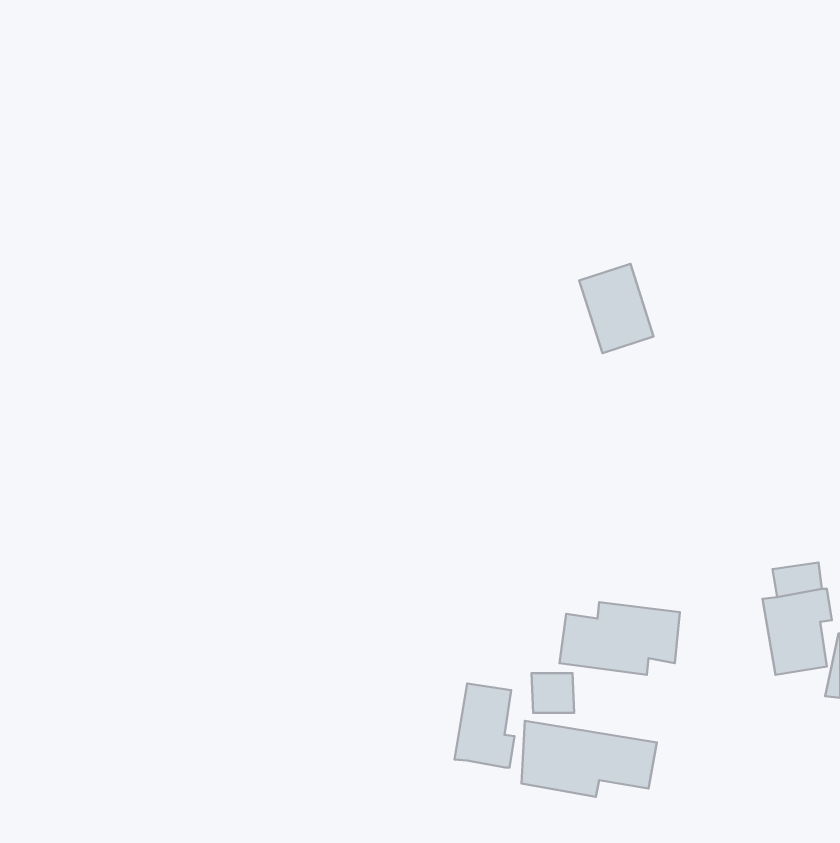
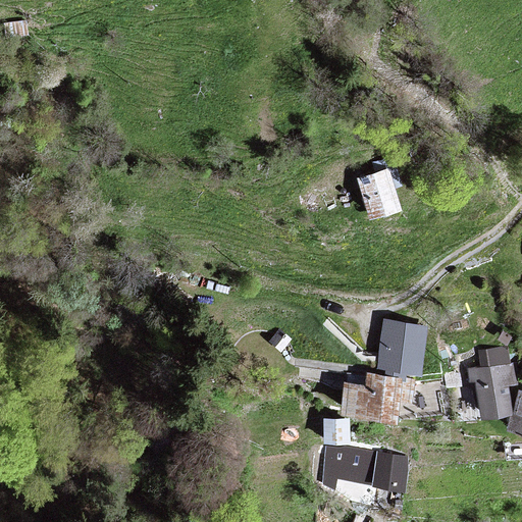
building: none -> [377,323,424,373]
building: [454,683,514,768] -> none

